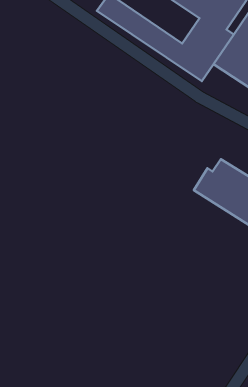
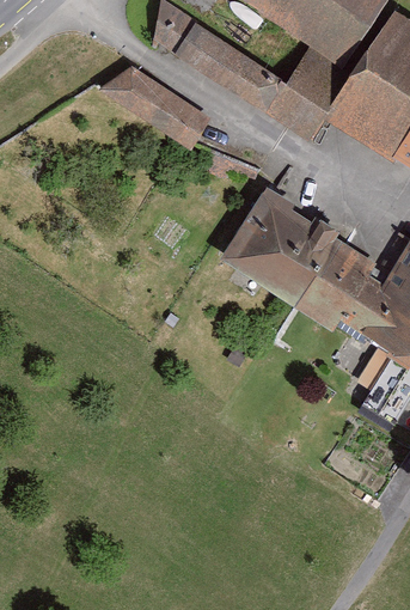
building: none -> [98,63,210,148]
building: none -> [221,183,344,299]

